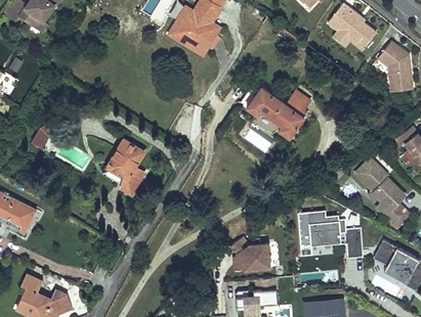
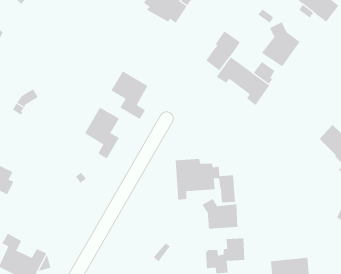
building: none -> [261,21,301,67]
building: none -> [205,30,240,71]
building: none -> [111,71,148,120]
building: [298,210,363,257] -> [175,158,236,203]

